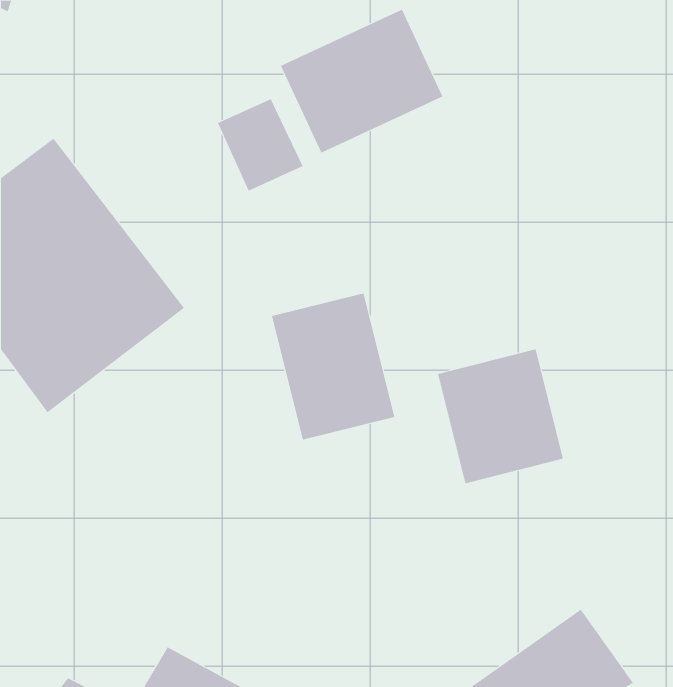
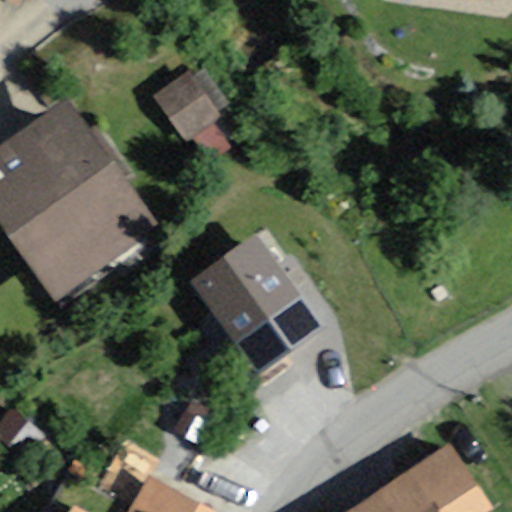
building: [280,9,443,153] -> none
building: [438,349,563,484] -> none

